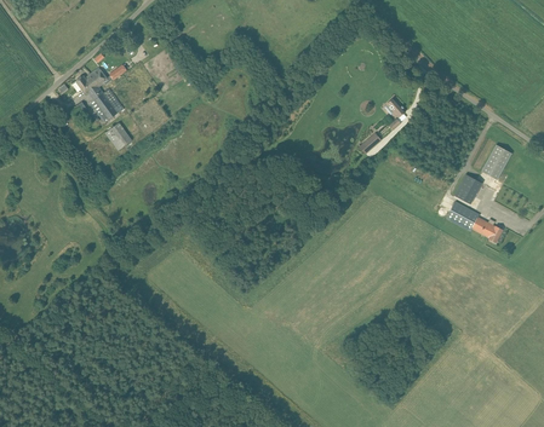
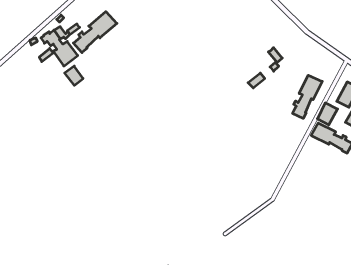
building: none -> [73,12,117,53]
building: none -> [293,75,322,118]

